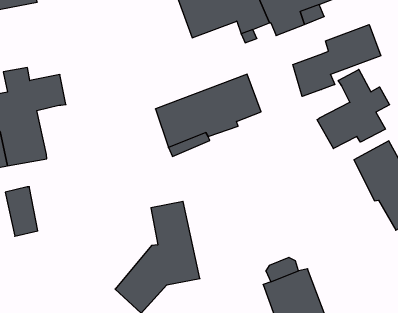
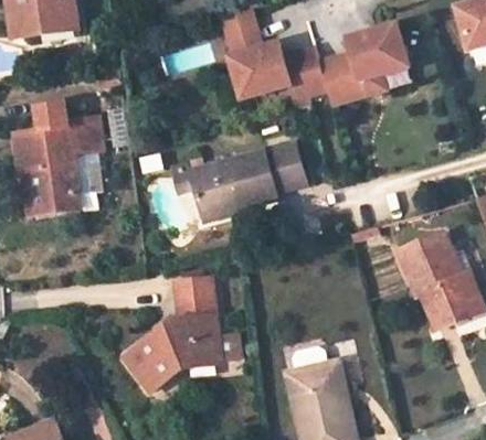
building: [293,25,381,96] -> none
building: [317,69,390,149] -> none
building: [5,187,38,236] -> [64,154,95,206]

